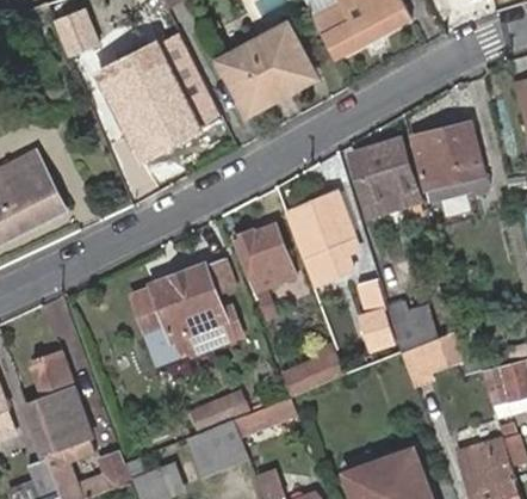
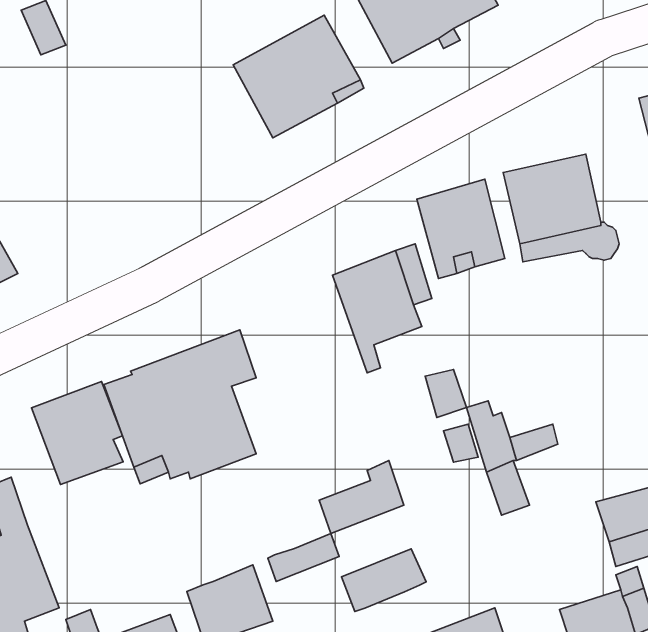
building: [100,33,219,158] -> none
building: [234,226,287,289] -> none
building: none -> [32,381,123,485]
building: [188,388,249,433] -> [342,549,426,612]

